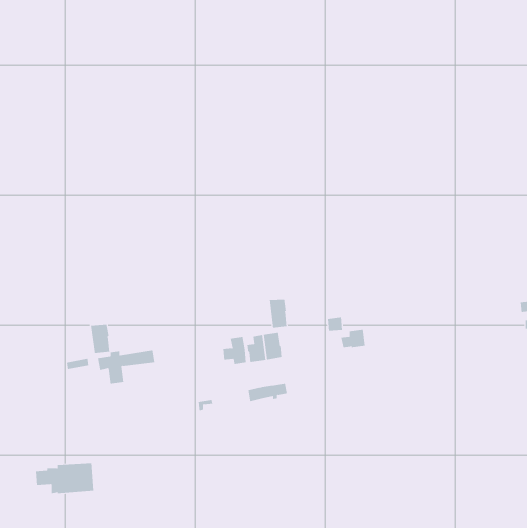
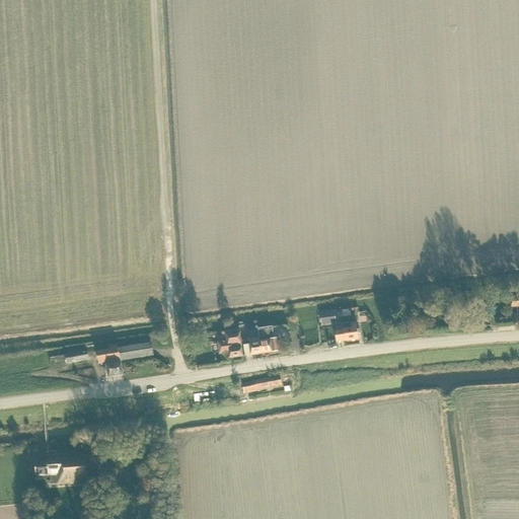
building: [269,299,287,328] -> none
building: [90,324,110,354] -> none

